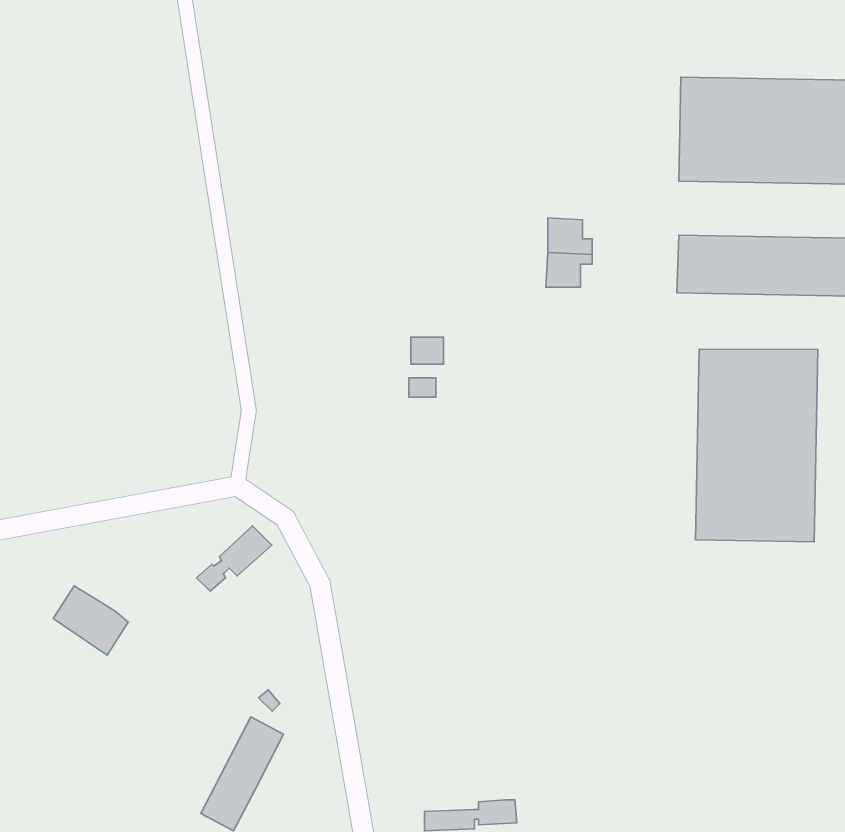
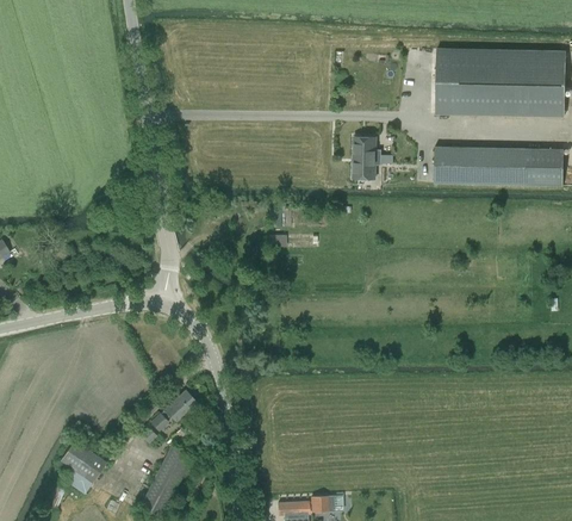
building: [696,349,818,542] -> none
building: [197,526,272,591] -> [150,390,197,430]
building: [53,586,128,655] -> [60,440,106,483]

